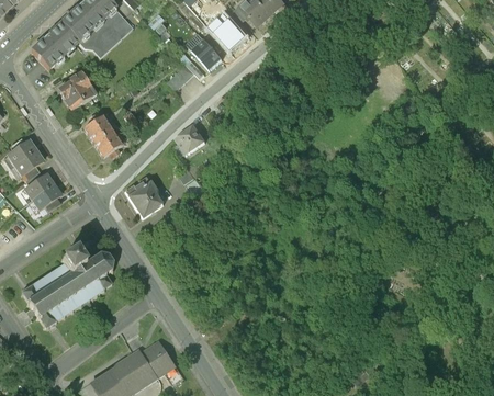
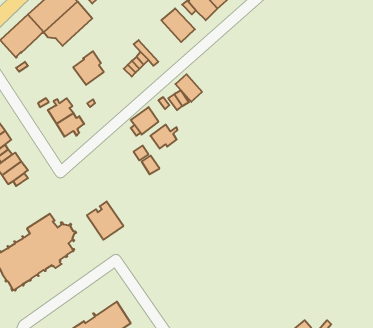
building: [192,38,222,69] -> [175,74,202,102]
building: [57,72,91,110] -> [73,51,104,85]
building: none -> [150,125,177,149]
building: [122,176,162,218] -> [87,201,123,240]

